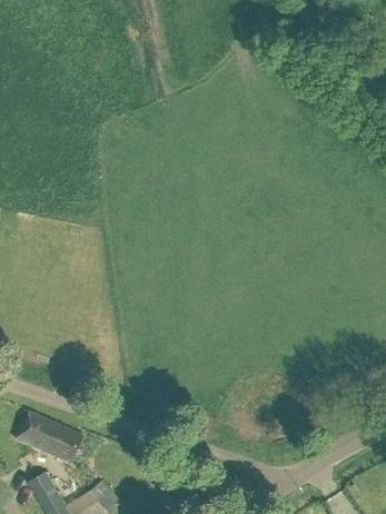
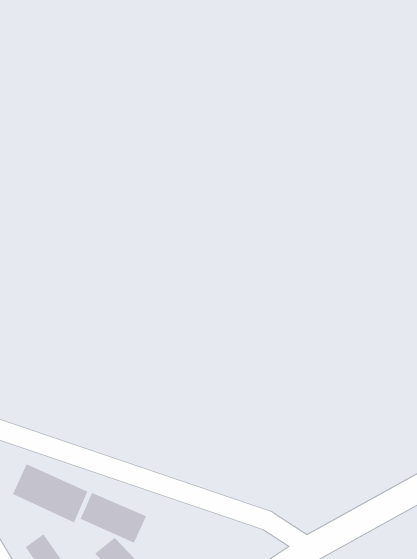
building: none -> [80,492,147,543]

